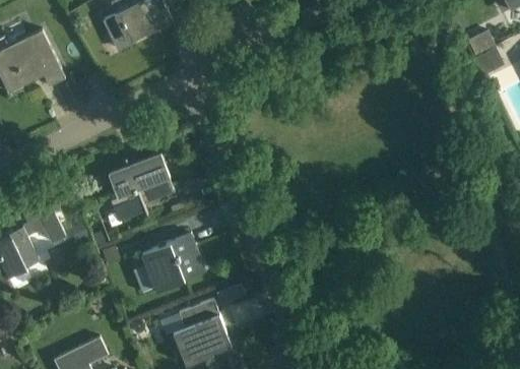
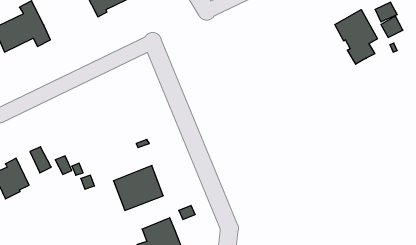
building: none -> [335,10,377,64]
building: [112,157,173,216] -> none

